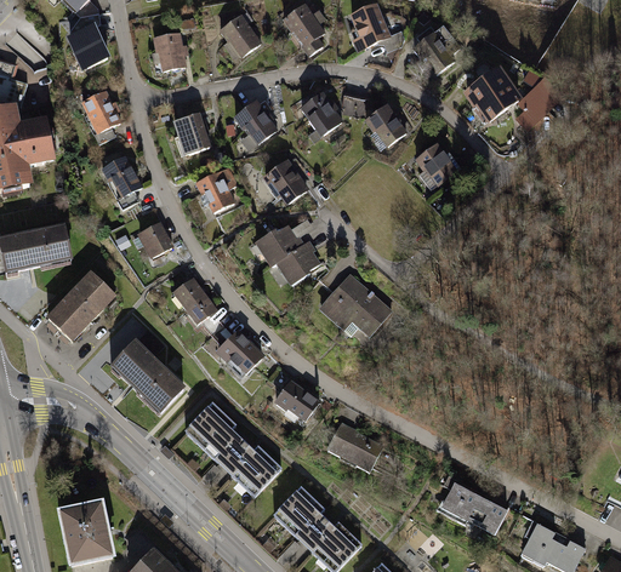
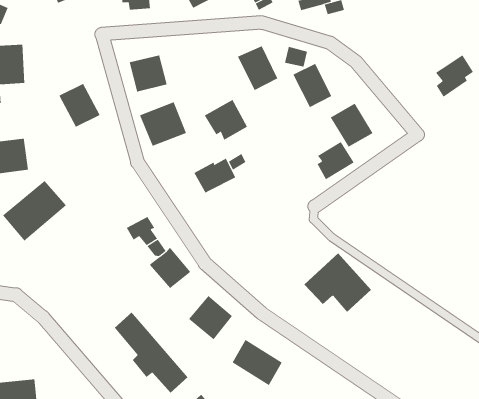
building: [415,32,460,73] -> none
building: [463,64,523,122] -> none
building: [78,91,123,139] -> none
building: [228,101,277,149] -> none
building: none -> [317,141,354,180]
building: [130,221,170,262] -> none
building: [275,238,321,285] -> none
building: [309,273,387,339] -> [304,253,372,313]
building: [171,276,210,313] -> none
building: [104,334,187,416] -> none

